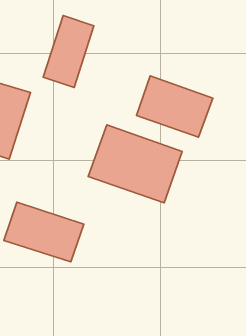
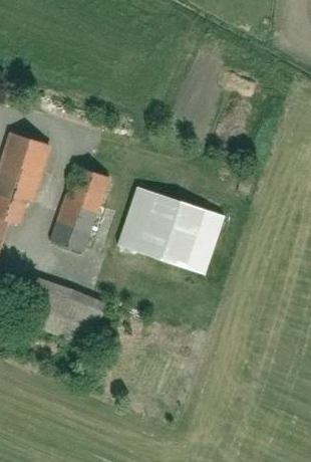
building: [43,16,94,88] -> [50,168,109,252]
building: [136,76,213,137] -> none

